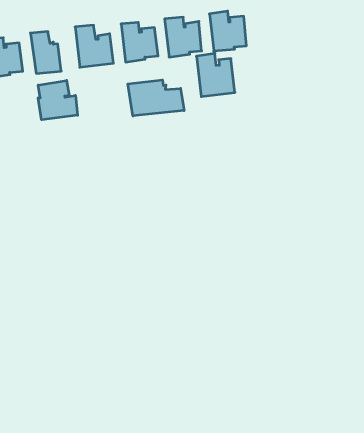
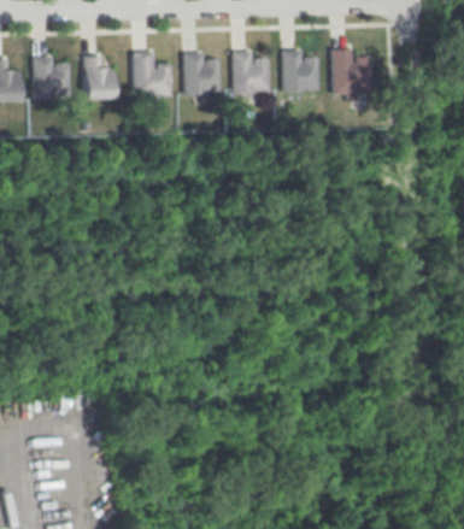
building: [196,53,235,97] -> [331,48,370,94]
building: [128,80,184,116] -> none
building: [38,80,78,120] -> none

